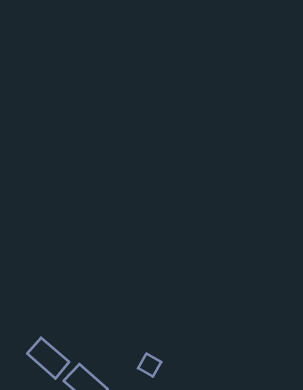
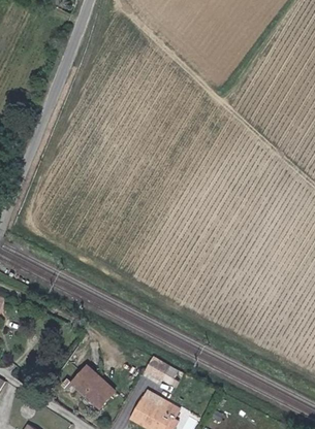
building: [27,338,69,379] -> none

